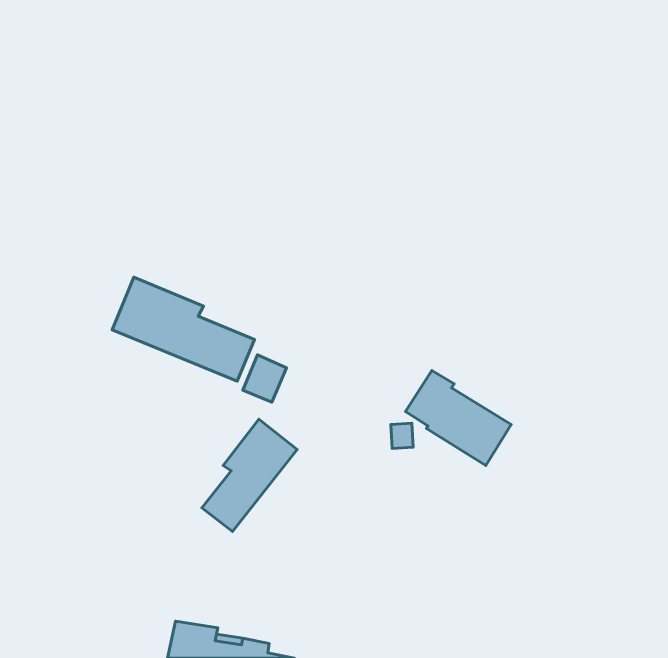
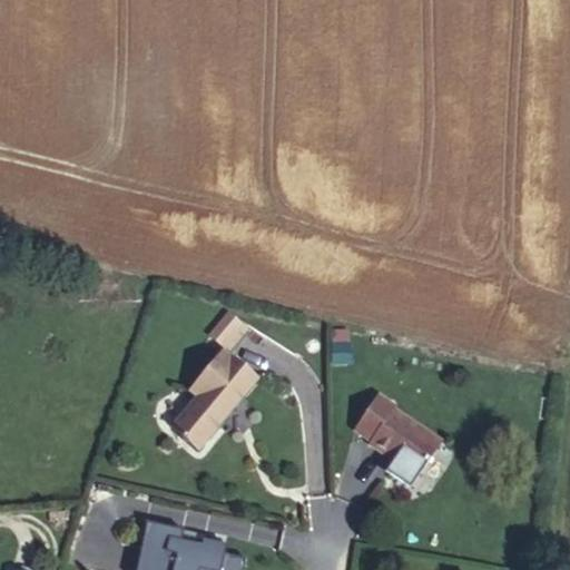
building: [112,277,255,381] -> none
building: [405,371,511,466] -> [355,396,444,476]

